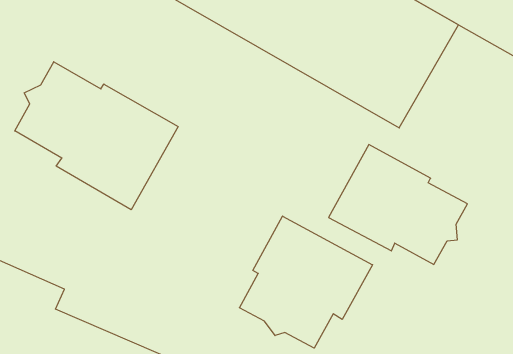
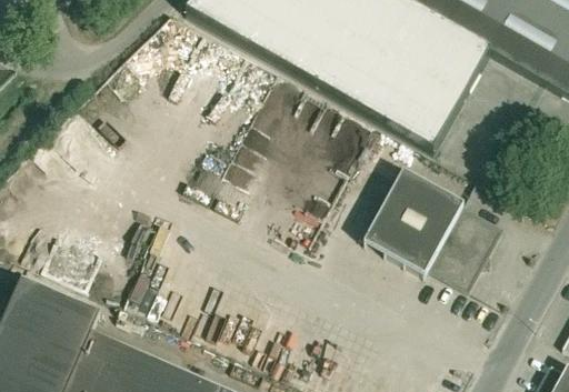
building: [15,62,178,210] -> none
building: [239,216,373,348] -> none

